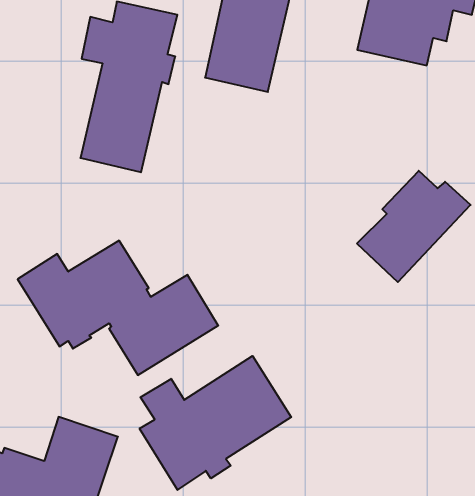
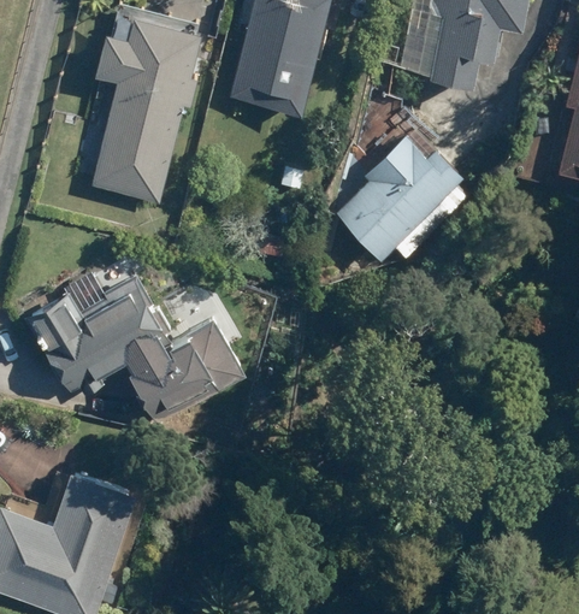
building: [357,171,471,282] -> [337,136,461,258]
building: [140,356,291,490] -> none

